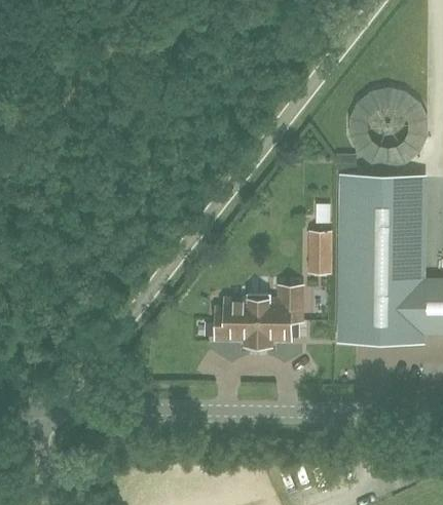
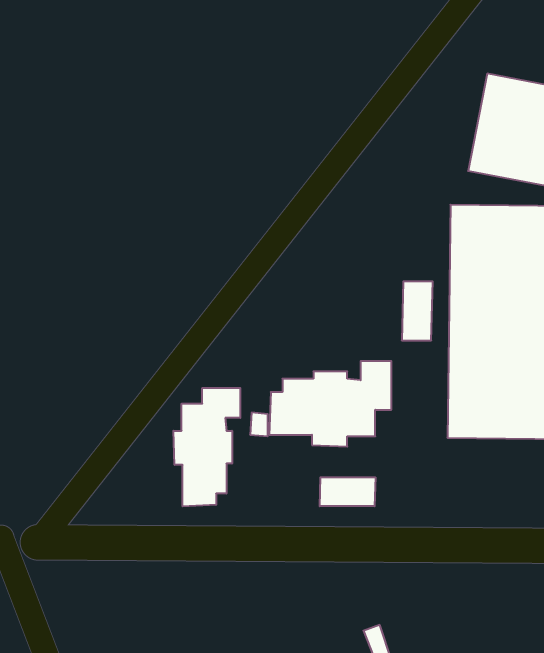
building: none -> [173,388,240,506]
building: none -> [320,477,375,506]

